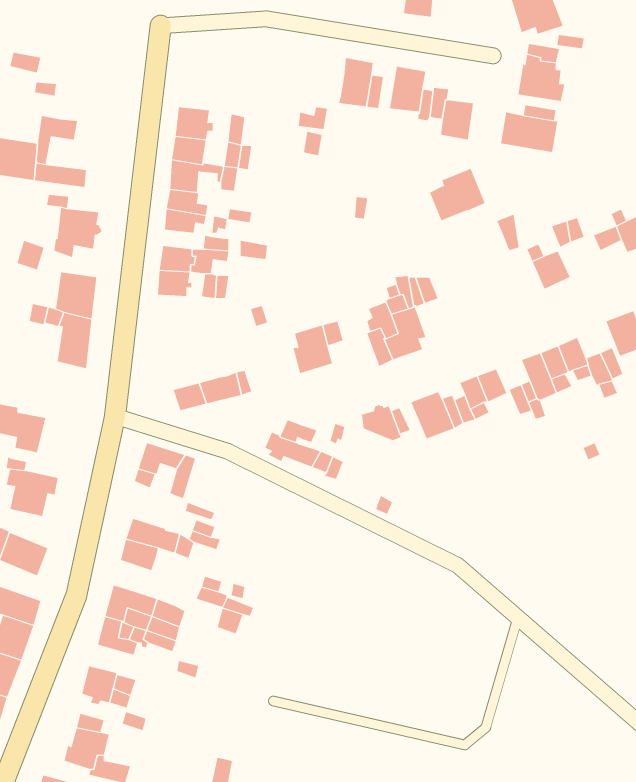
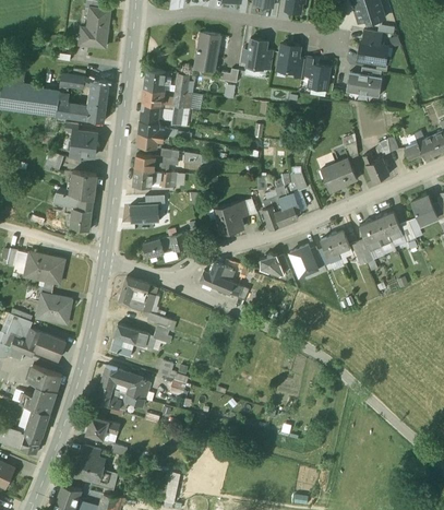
building: none -> [80,8,110,47]
building: none -> [194,32,220,72]
building: none -> [82,78,109,121]
building: [429,168,485,223] -> [322,158,357,192]
building: none -> [132,206,158,224]

